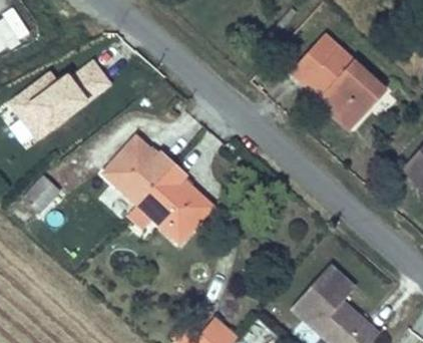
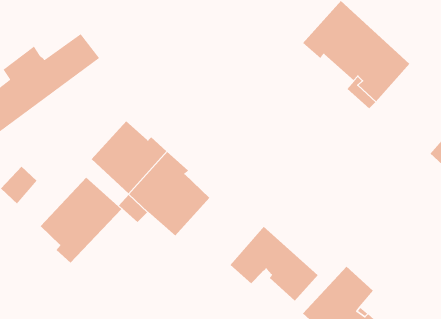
building: none -> [40,177,122,264]
building: none -> [229,226,318,301]

